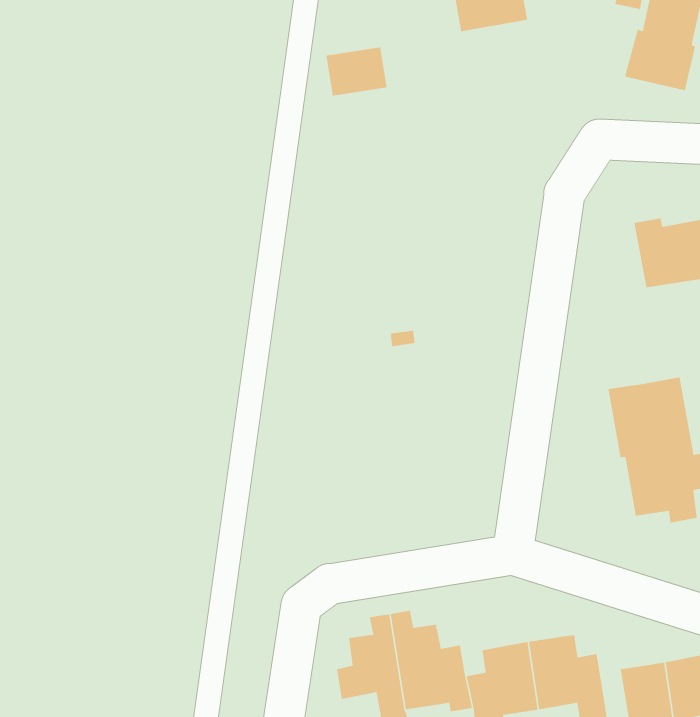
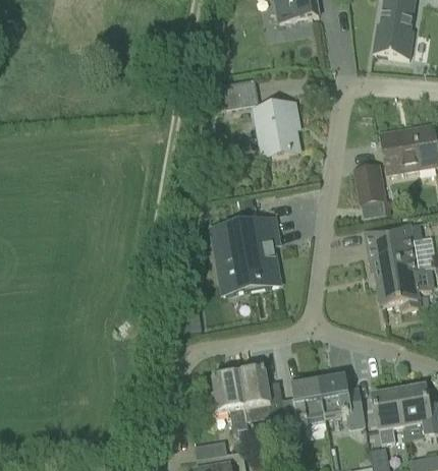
building: [325,46,388,97] -> [221,78,258,108]
building: none -> [254,102,297,157]
building: none -> [354,165,389,217]
building: none -> [211,217,278,292]

